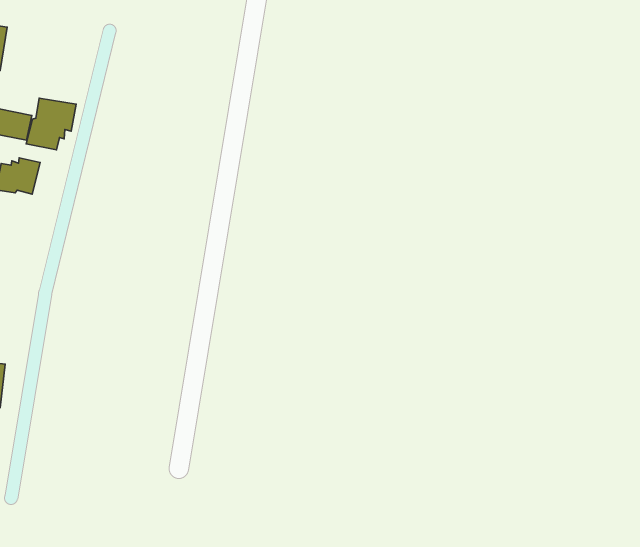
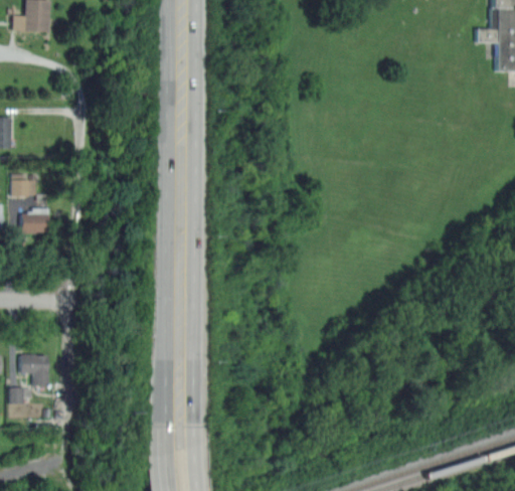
building: [26,98,76,150] -> none

